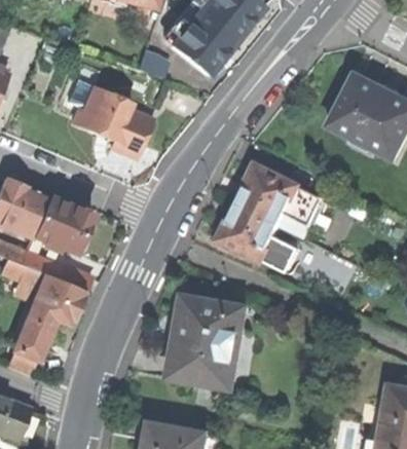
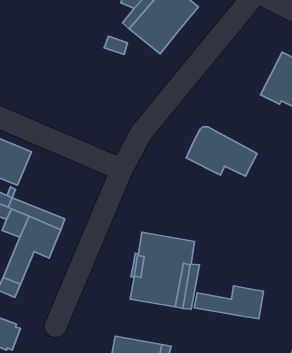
building: [72,87,152,158] -> none
building: [31,196,89,253] -> none
building: [222,203,299,272] -> none
building: none -> [194,286,263,319]

